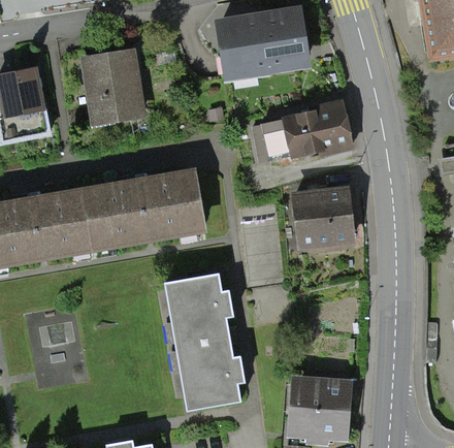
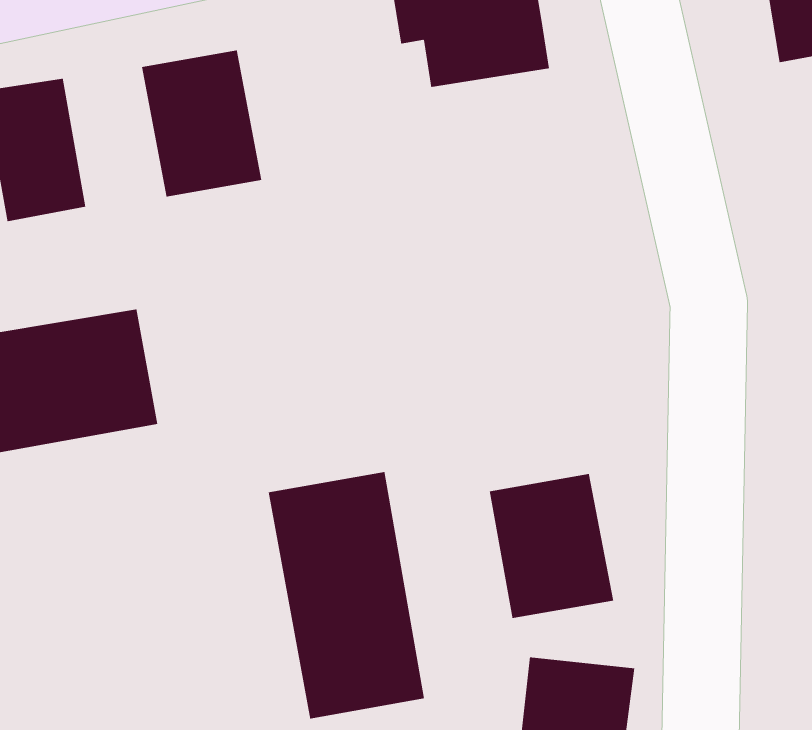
building: [263,97,351,157] -> none
building: [89,169,208,251] -> none
building: [295,186,353,243] -> none
building: none -> [489,473,614,619]

